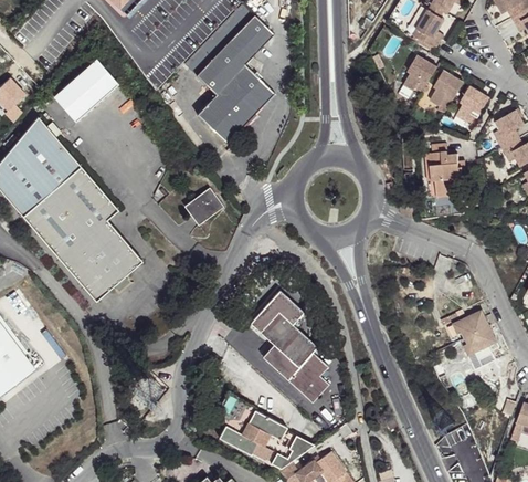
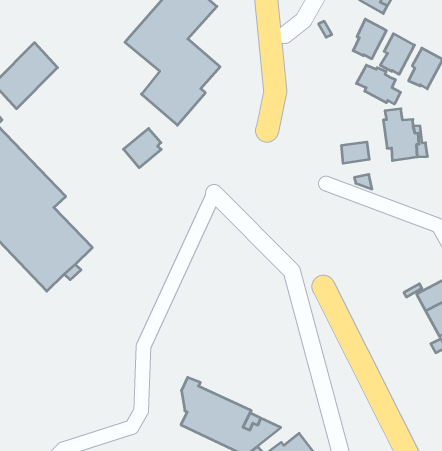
building: none -> [356,65,401,104]
building: none -> [342,142,369,163]
building: [183,188,220,226] -> [123,128,161,168]
building: [249,290,328,401] -> none

